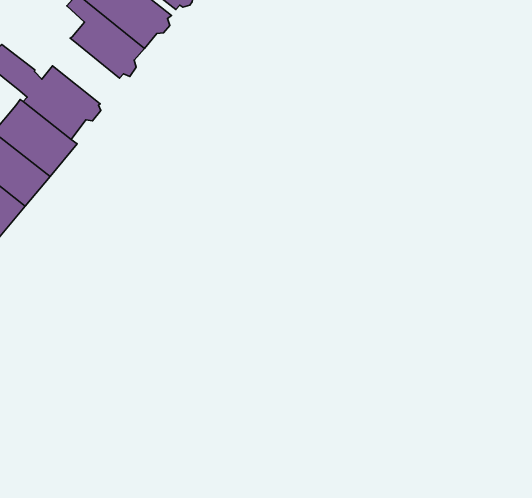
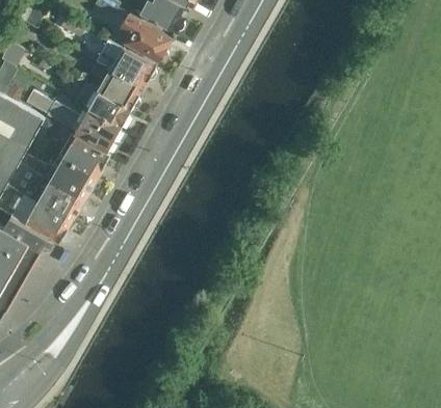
building: none -> [76,81,127,127]

